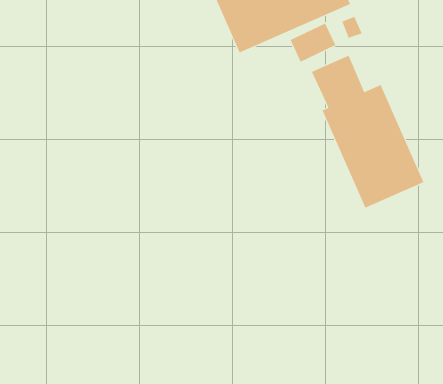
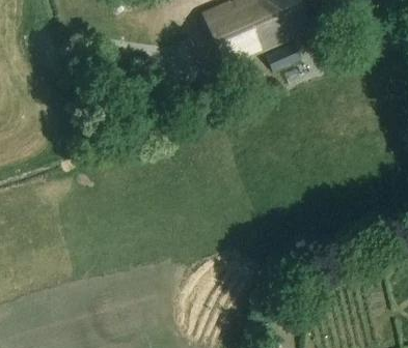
building: [311,55,424,209] -> none

